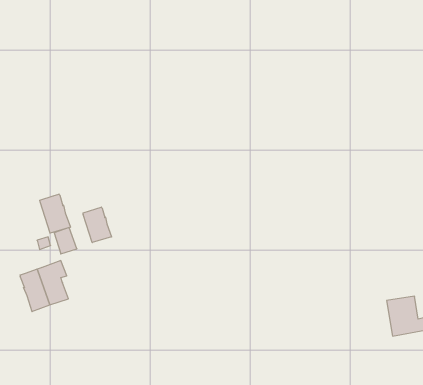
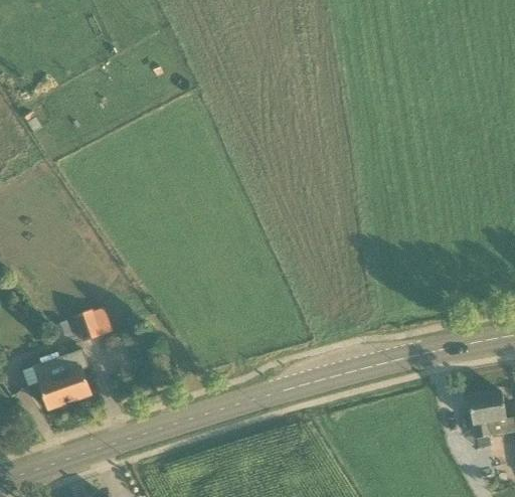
building: [40,194,70,233] -> none
building: [83,207,112,243] -> none

